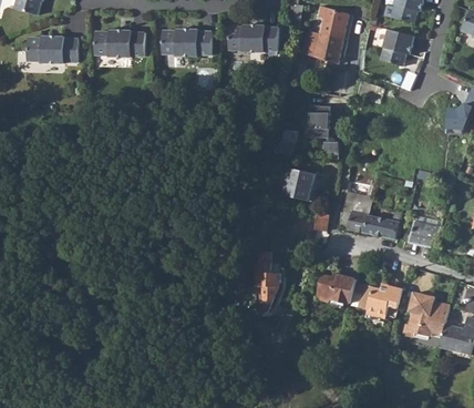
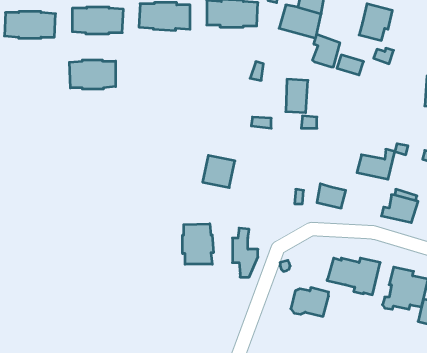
building: none -> [313,34,340,67]
building: none -> [69,60,116,89]
building: [284,167,316,200] -> [203,155,235,188]
building: [363,210,401,239] -> [357,149,395,179]
building: none -> [183,224,213,264]
building: [318,274,356,303] -> [291,288,329,316]

